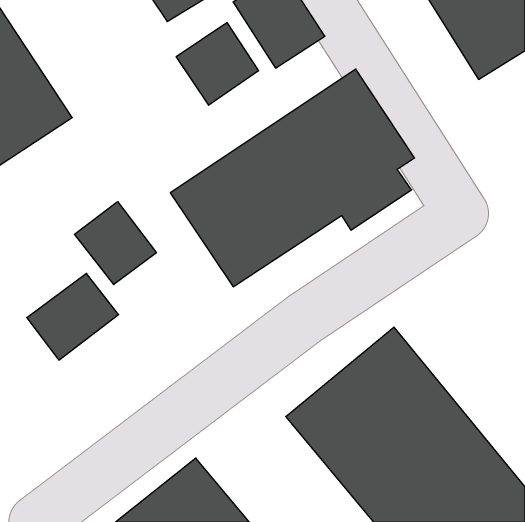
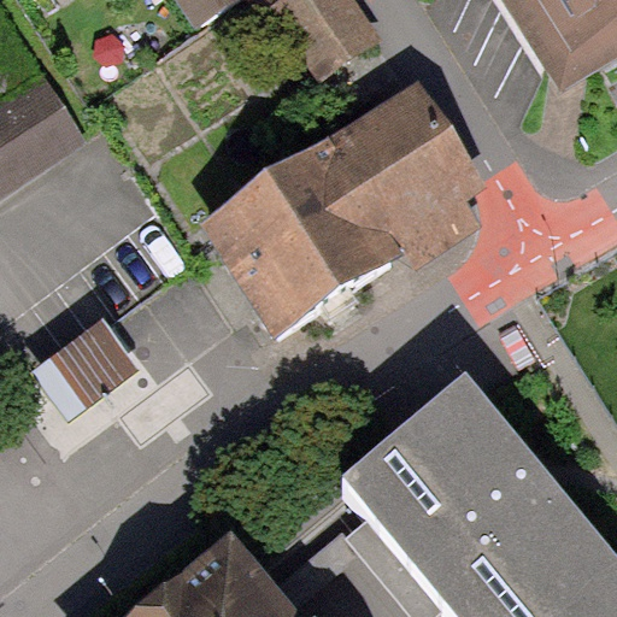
building: [176,23,259,105] -> none
building: [75,202,156,285] -> none

